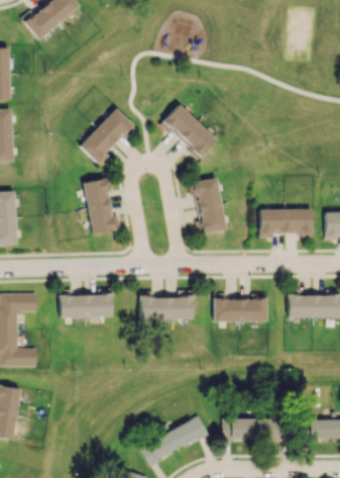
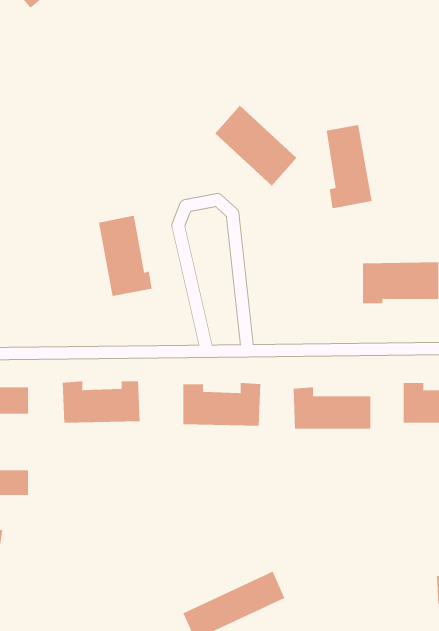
building: [81,108,134,164] -> none
building: [195,178,226,234] -> [326,124,373,209]
building: [223,418,284,441] -> none

